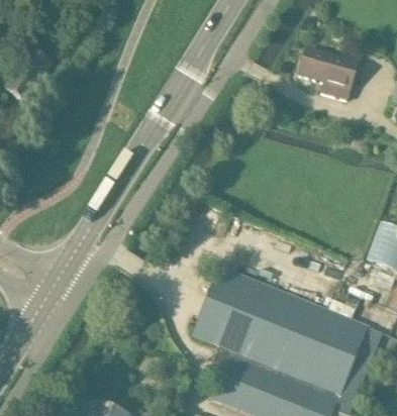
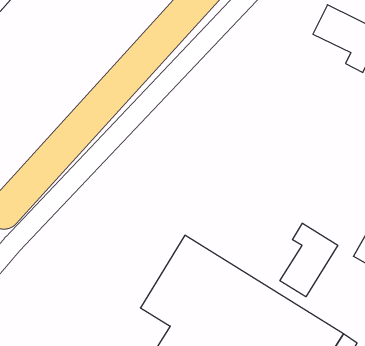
building: none -> [280,223,338,297]

